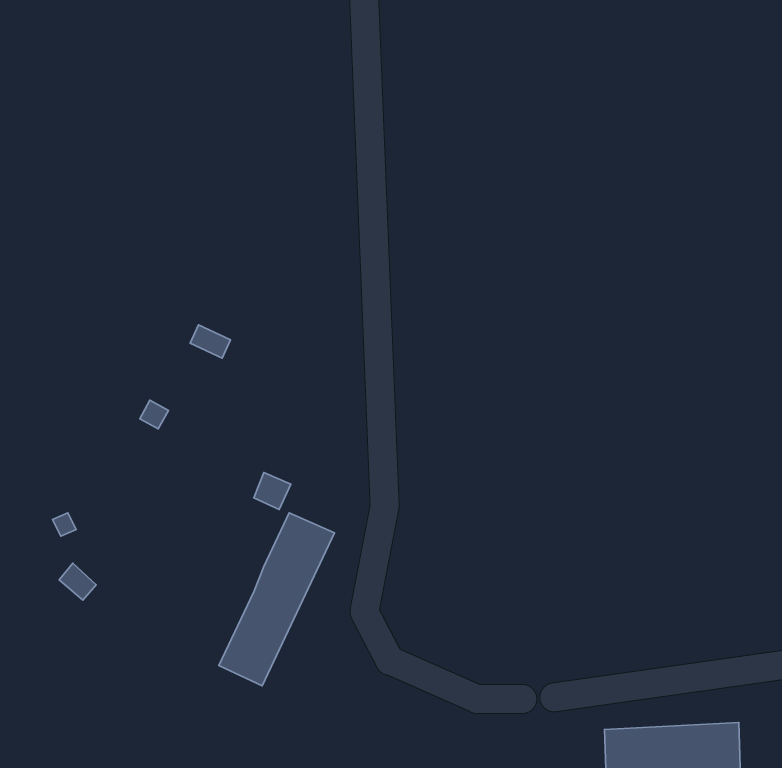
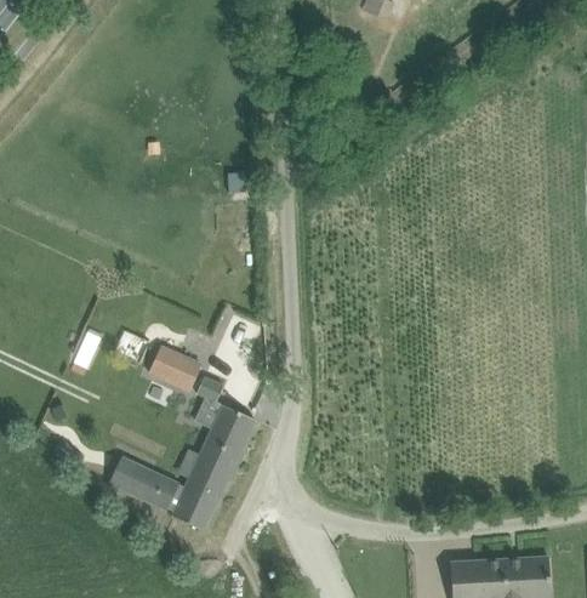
building: none -> [148,344,203,393]
building: none -> [109,457,178,512]

